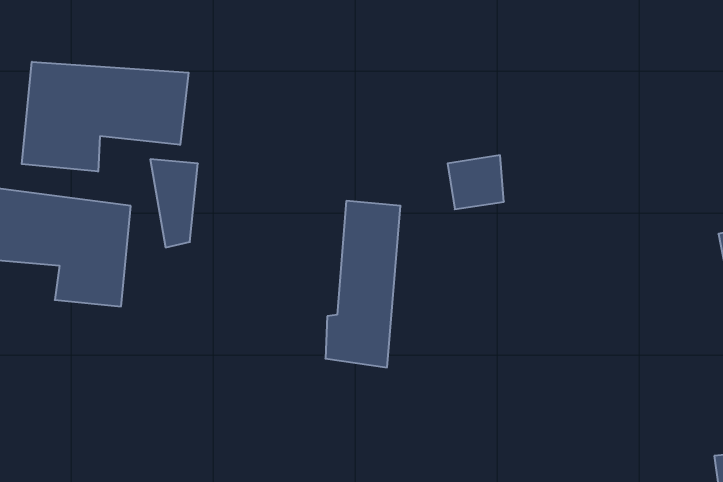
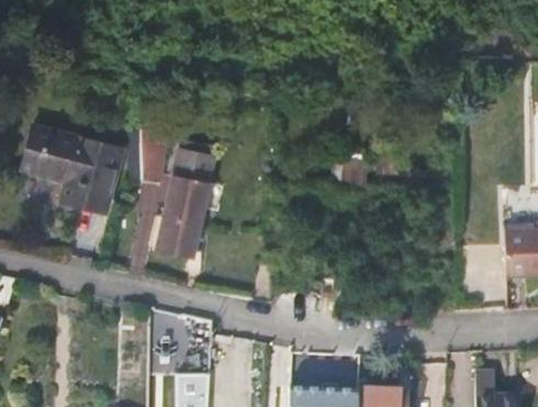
building: [22,62,189,172] -> none
building: [325,201,401,367] -> [152,145,216,258]

